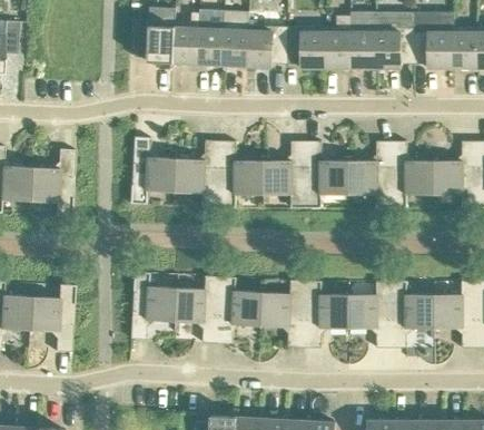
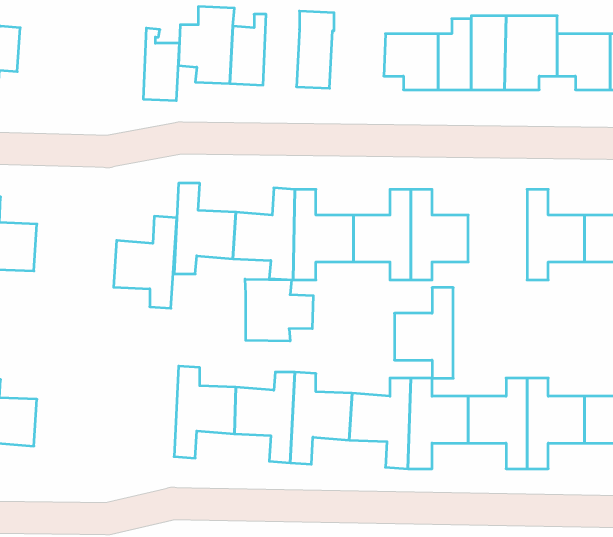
building: [197,12,224,66] -> [143,28,179,101]
building: [246,25,287,68] -> none
building: [348,141,392,208] -> [394,288,453,378]
building: [28,149,75,217] -> [114,216,177,308]
building: none -> [245,279,313,341]
building: [28,285,75,352] -> none

